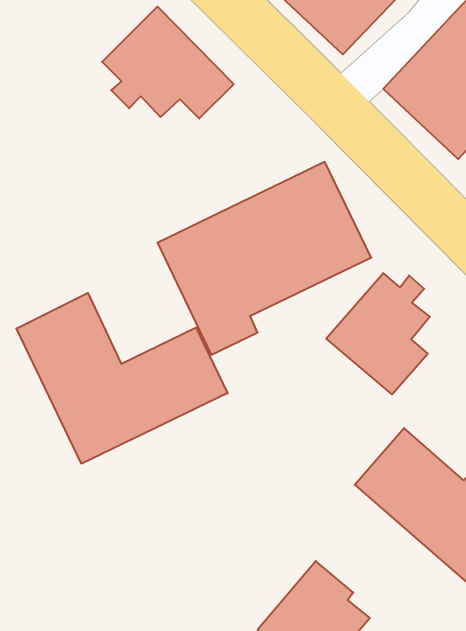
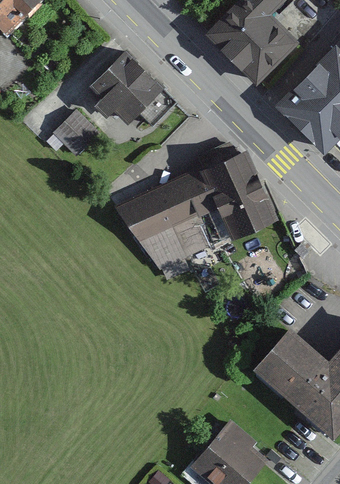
building: none -> [55,109,101,155]
building: [326,273,430,394] -> none
building: [16,293,228,464] -> none

